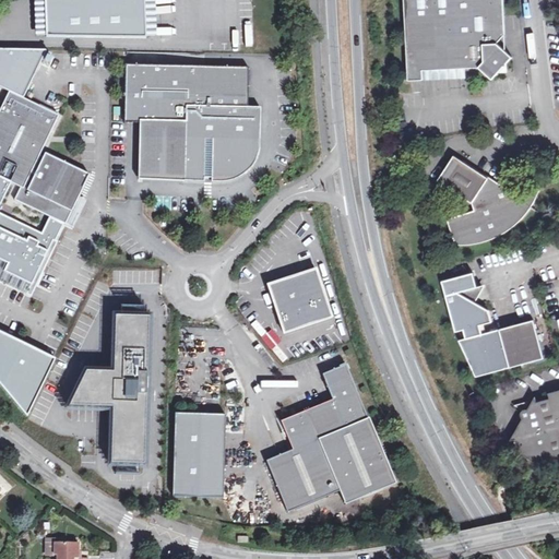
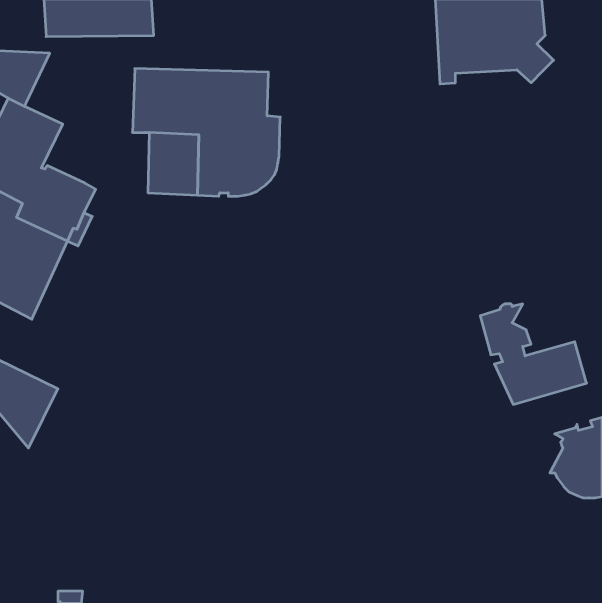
building: [435,151,538,241] -> none
building: [266,269,331,333] -> none
building: [73,319,153,467] -> none
building: [265,365,394,511] -> none
building: [171,413,224,497] -> none

